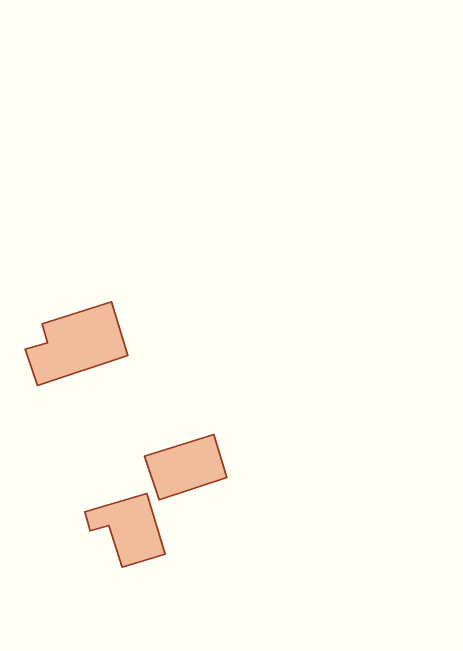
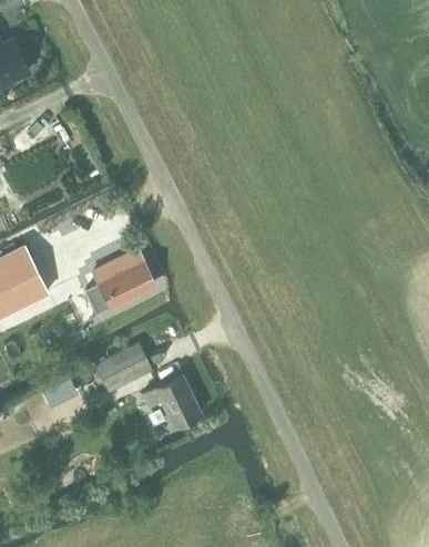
building: [145,434,227,500] -> [94,343,152,393]

